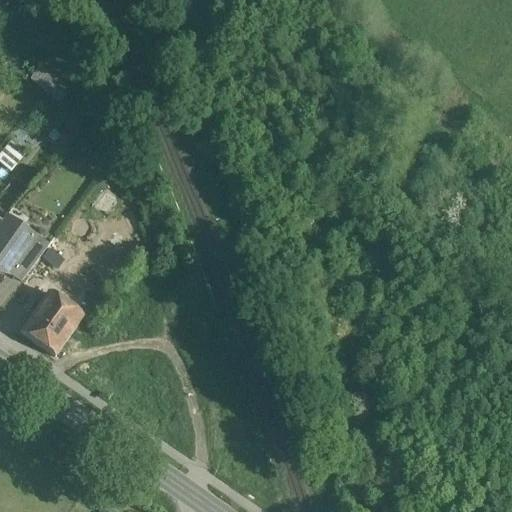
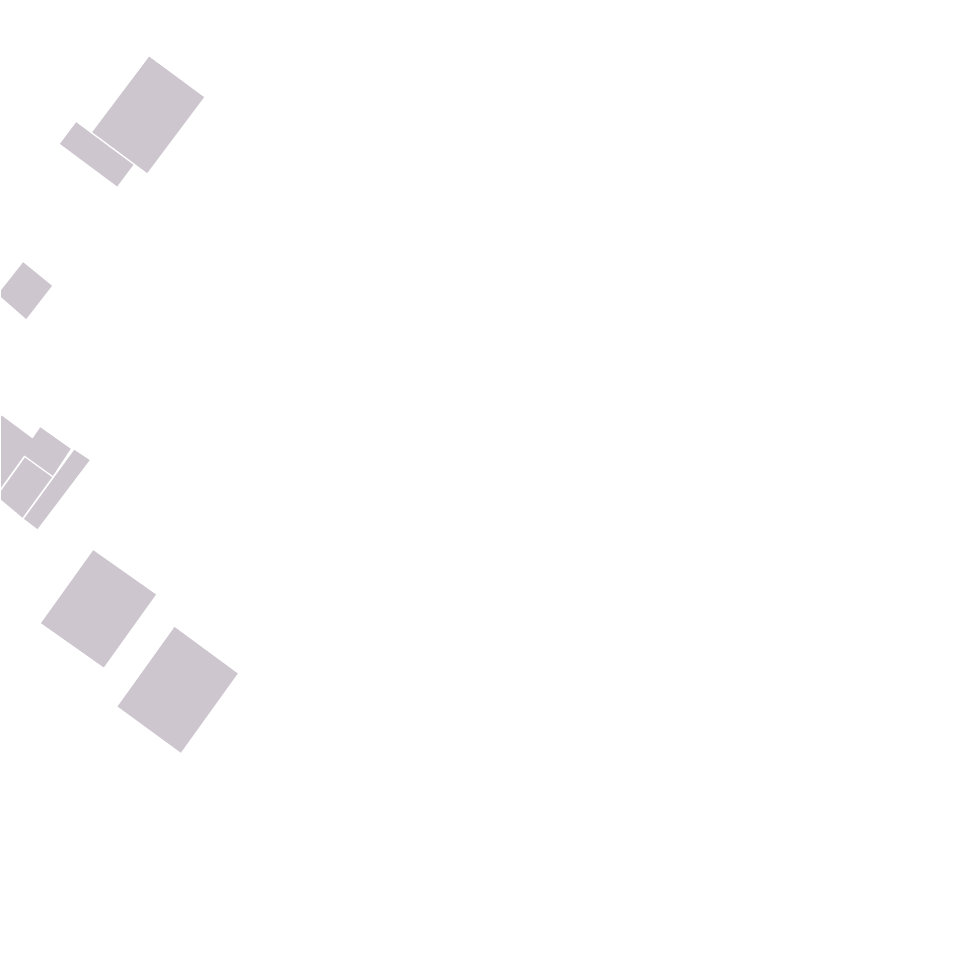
building: none -> [91,55,205,174]
building: none -> [116,626,239,754]

